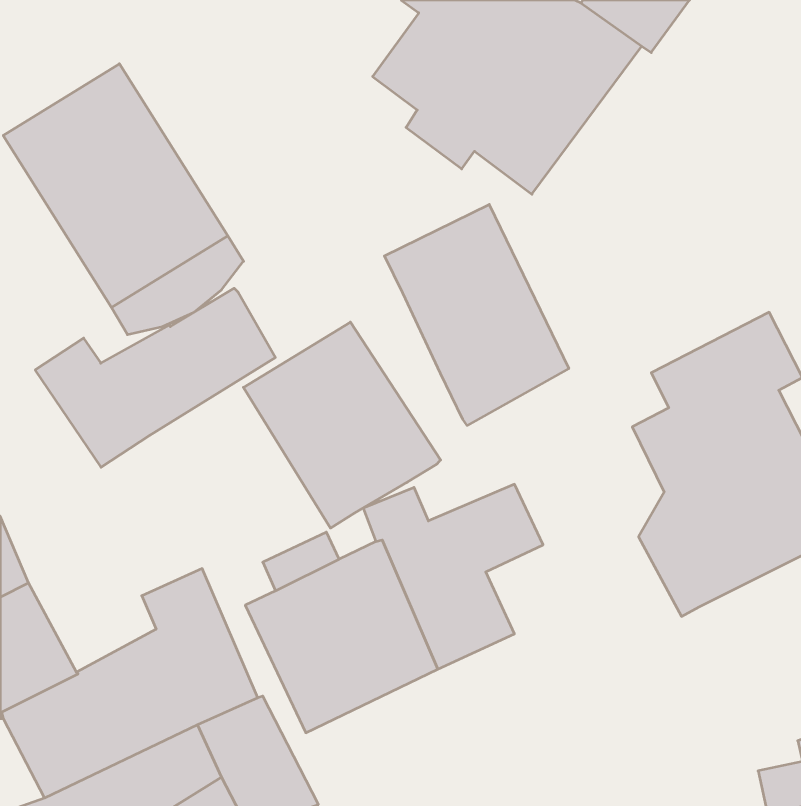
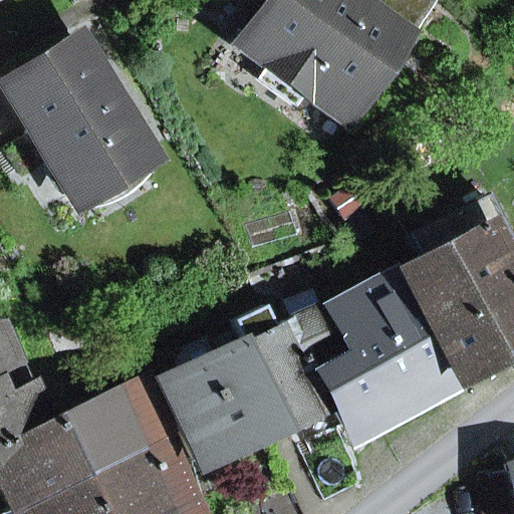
building: [384,204,569,425] -> none
building: [35,288,275,467] -> none
building: [243,322,441,528] -> none
building: none -> [314,274,438,437]

